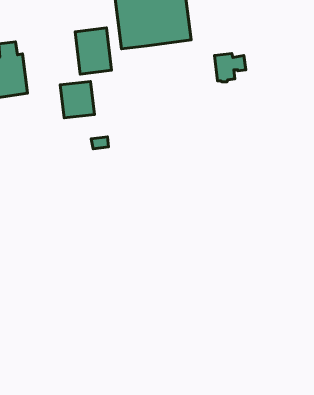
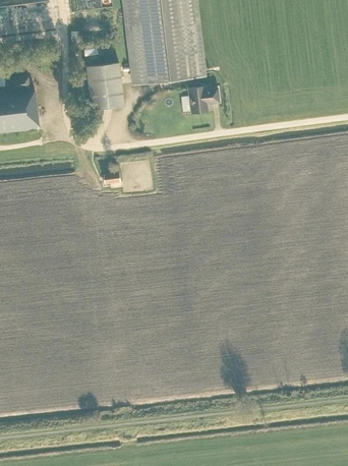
building: [215,54,246,82] -> [187,85,219,114]
building: [60,82,94,118] -> none

